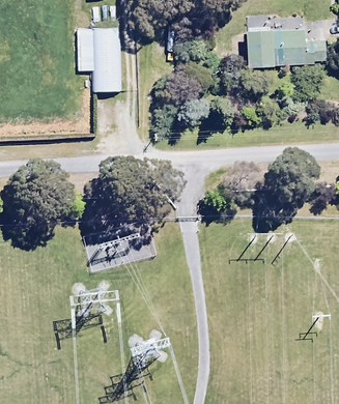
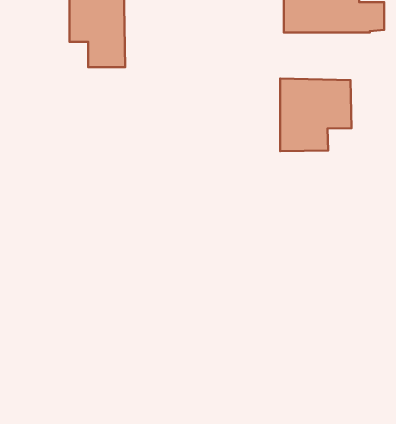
building: none -> [280,79,351,151]

